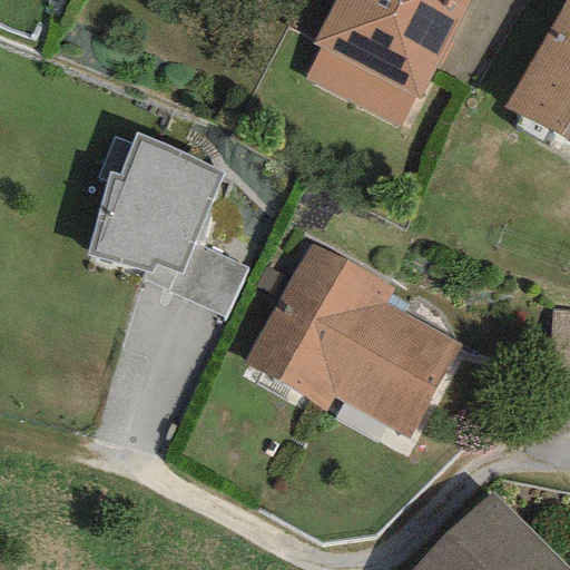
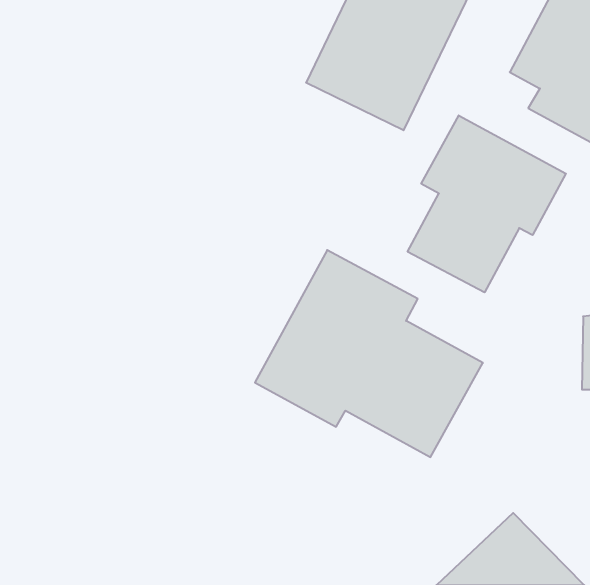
building: none -> [408,115,566,292]
building: [72,139,252,320] -> none

